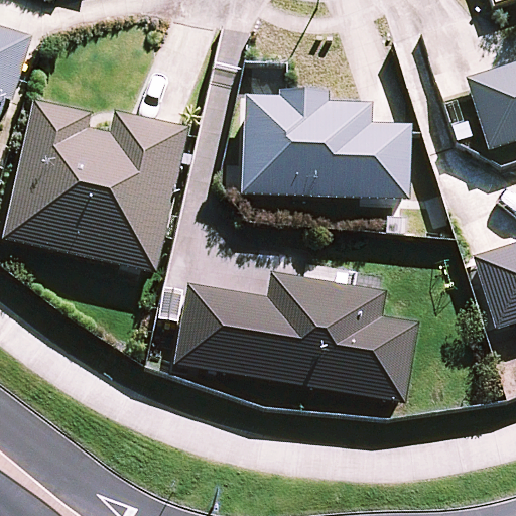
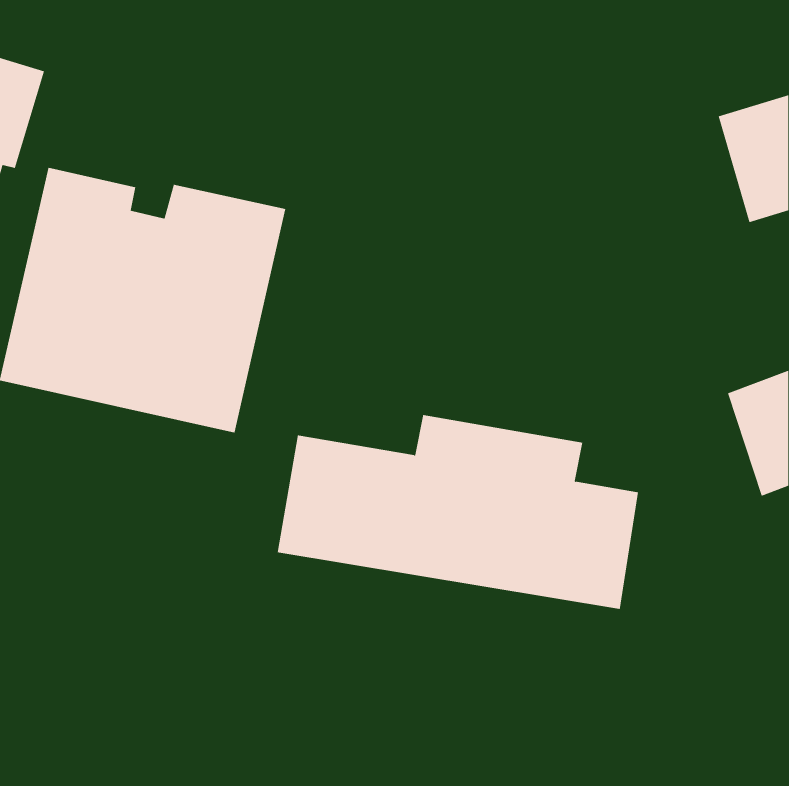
building: [247,87,408,194] -> none

